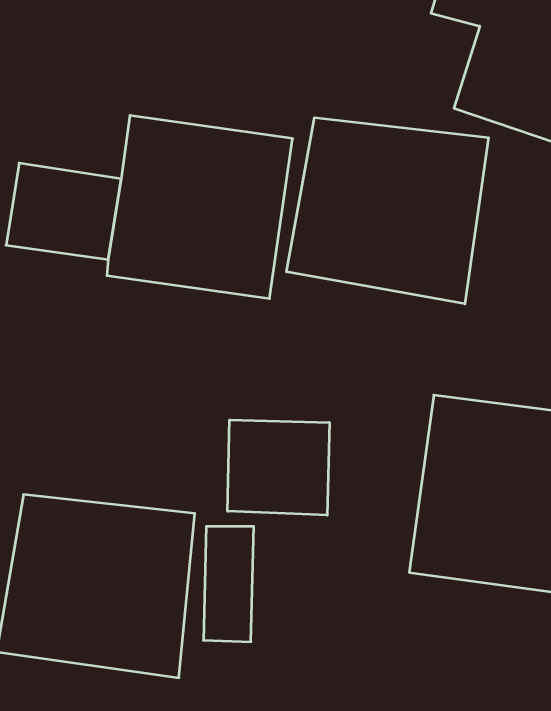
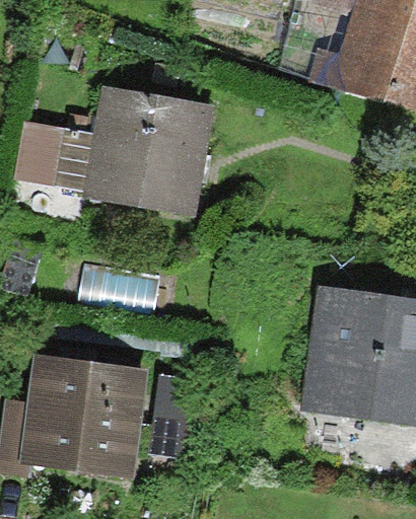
building: [287,118,488,304] -> none
building: [228,420,329,515] -> none

